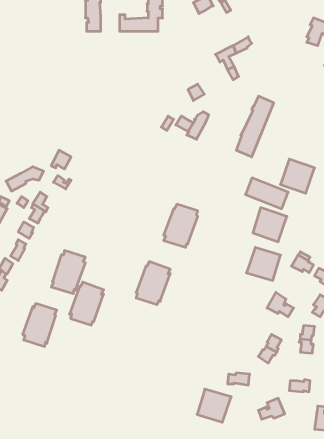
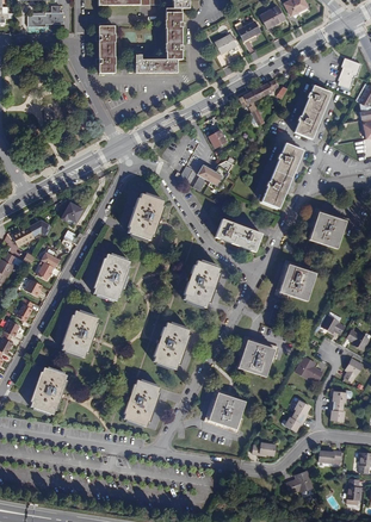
building: none -> [295,86,330,138]
building: none -> [128,193,163,240]
building: [245,178,288,209] -> [215,218,261,251]
building: none -> [93,254,130,300]
building: [246,247,281,280] -> [237,340,274,375]
building: [69,282,104,325] -> [123,379,160,425]
building: [197,389,231,422] -> [209,392,246,428]

